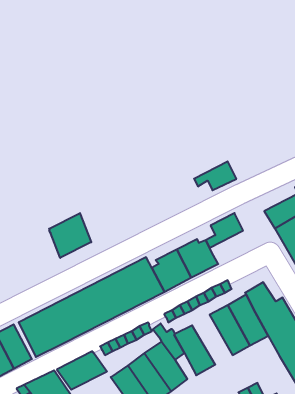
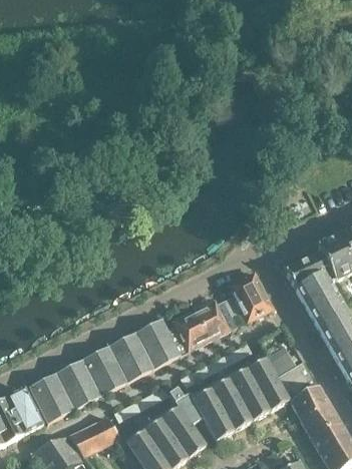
building: [194,161,236,190] -> [228,290,272,320]
building: [49,213,91,258] -> none
building: none -> [210,378,252,430]

